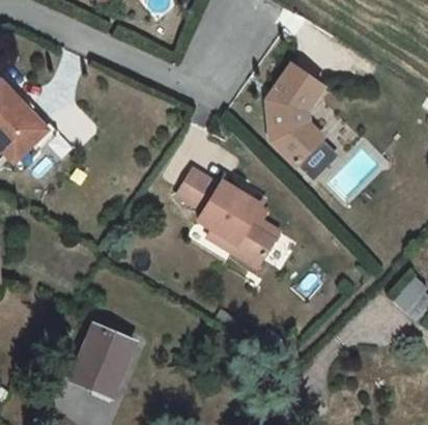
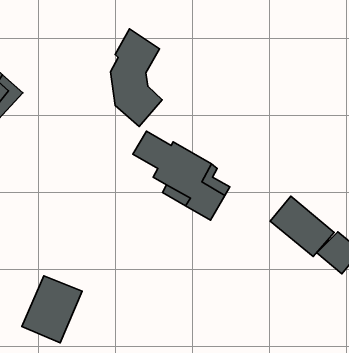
building: [267,60,323,166] -> [110,29,162,126]
building: none -> [270,196,334,257]

